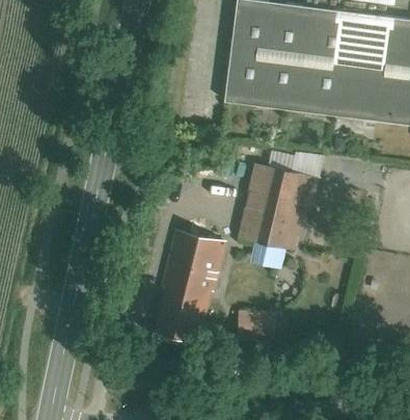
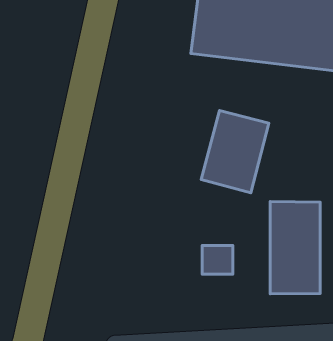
building: [148,232,222,337] -> none
building: none -> [270,202,320,294]

